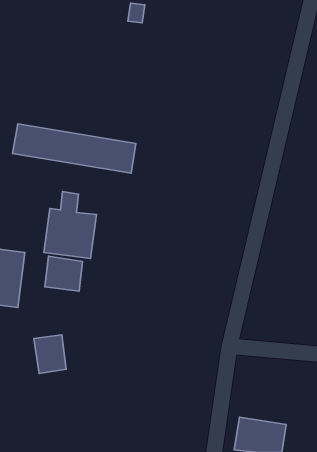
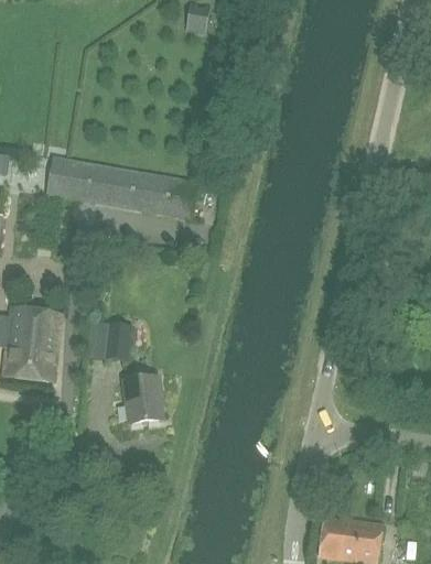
building: [44,191,96,259] -> none
building: [34,335,66,374] -> [123,377,163,424]

